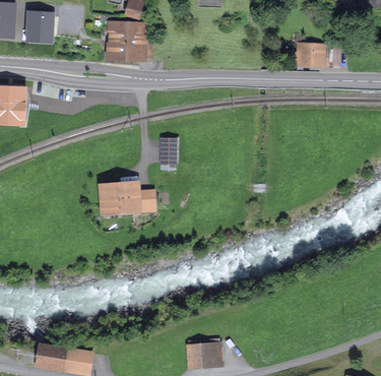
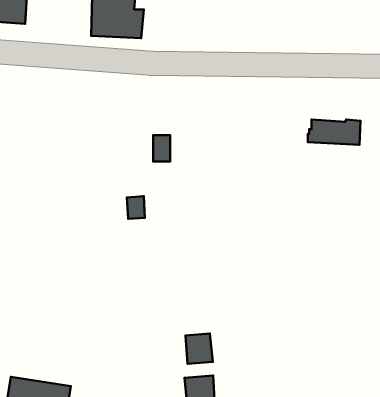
building: [296,43,340,64] -> [308,120,361,145]
building: [103,184,132,209] -> none
building: none -> [186,334,213,364]

